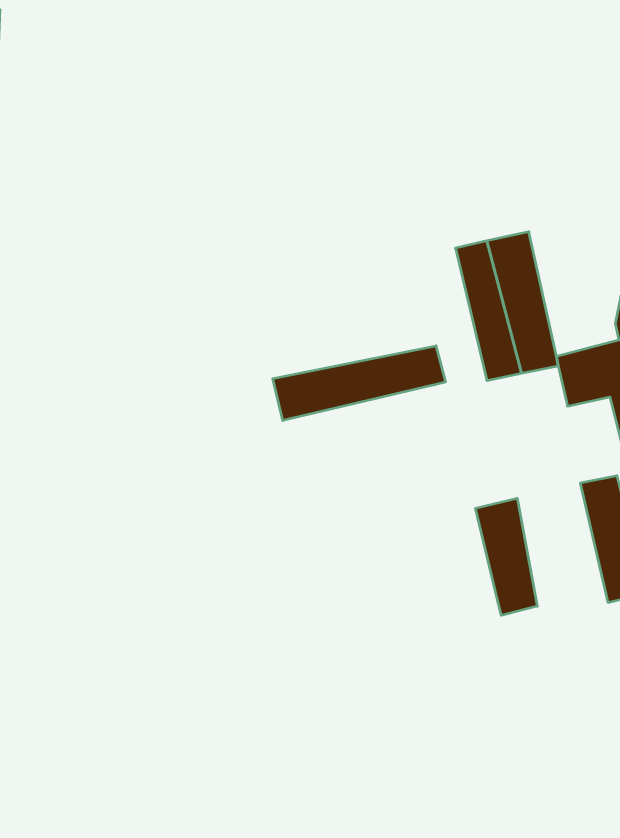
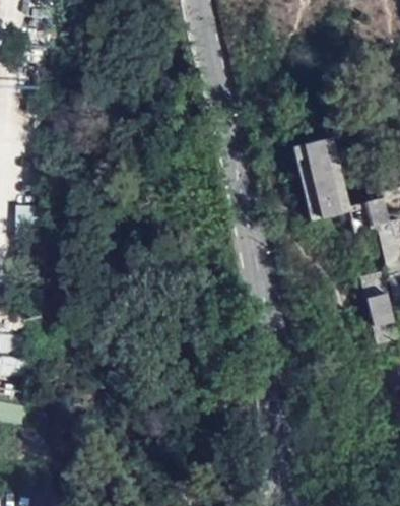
building: [273,346,445,421] -> none
building: [476,498,537,615] -> none

